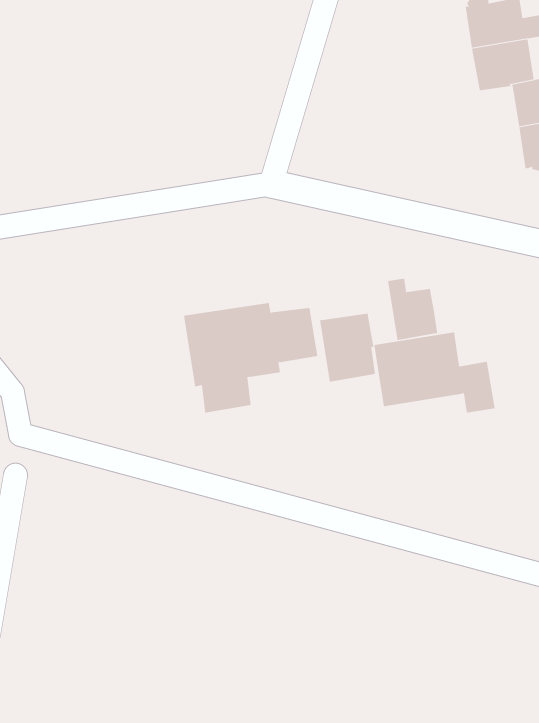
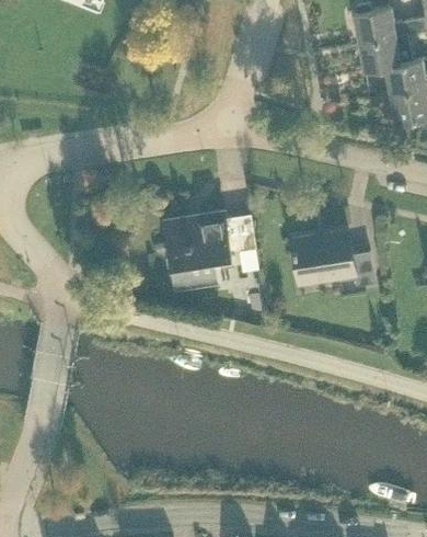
building: [387,278,438,341] -> none
building: [319,313,375,382] -> none

